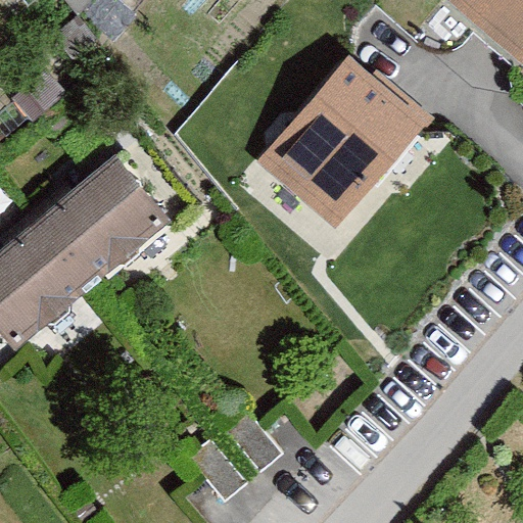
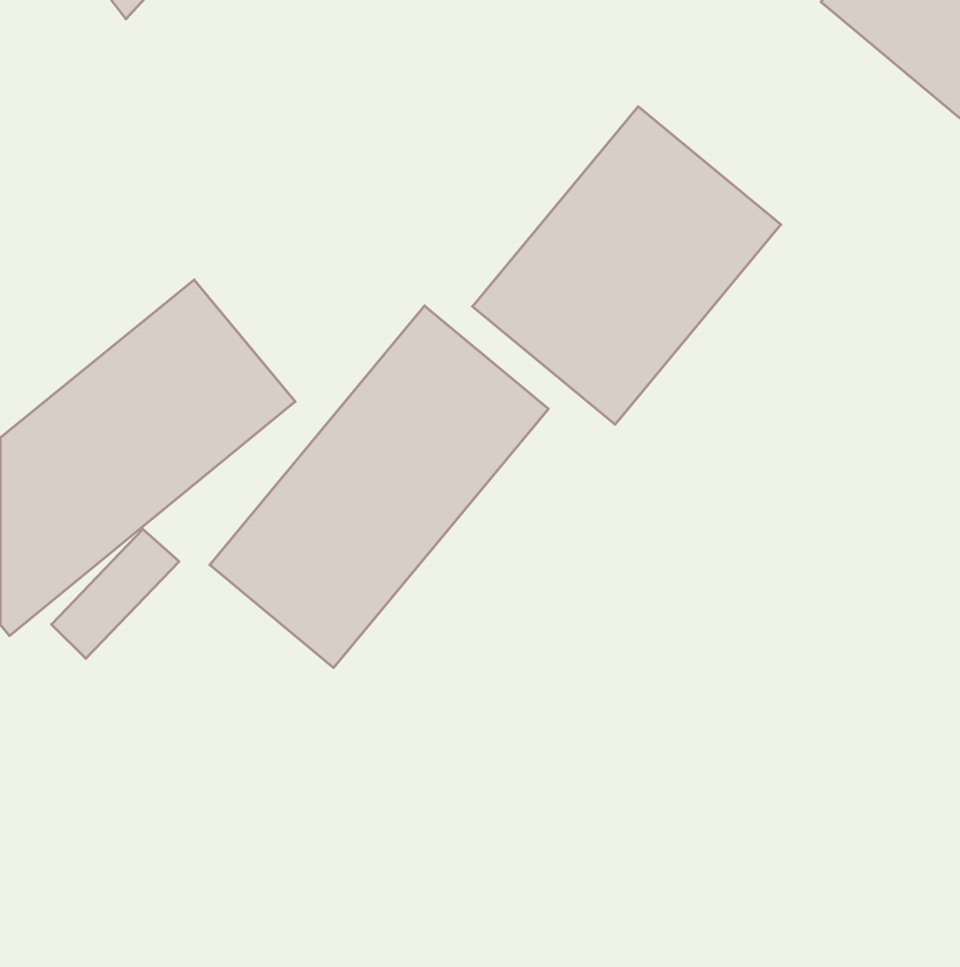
building: none -> [210,306,548,668]

